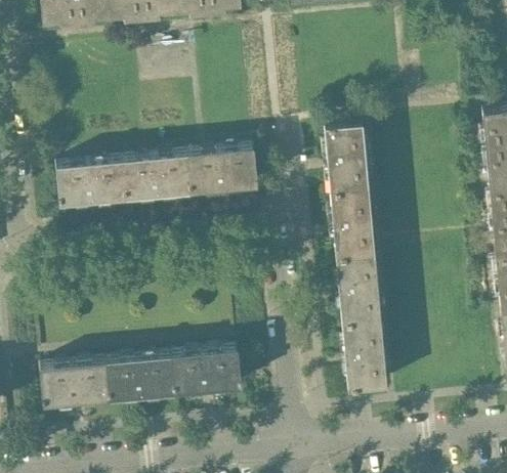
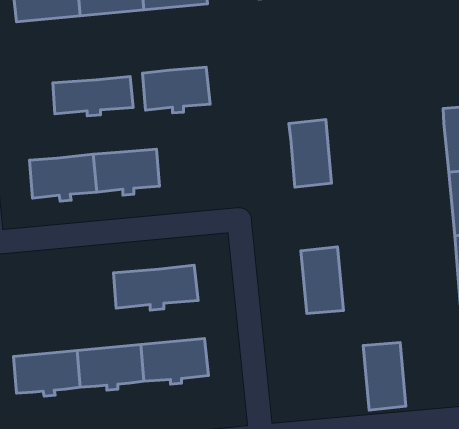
building: none -> [53,77,133,116]
building: [188,149,258,197] -> [143,67,210,113]
building: [331,190,375,260] -> none
building: none -> [113,265,198,310]
building: [343,321,387,391] -> [363,343,406,410]

